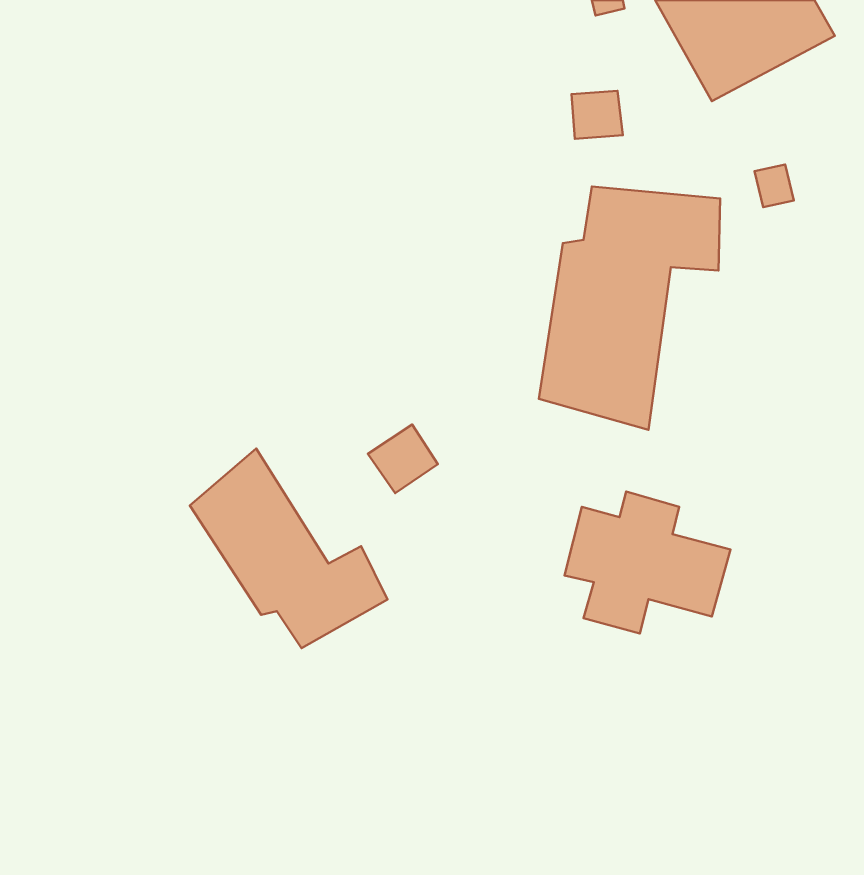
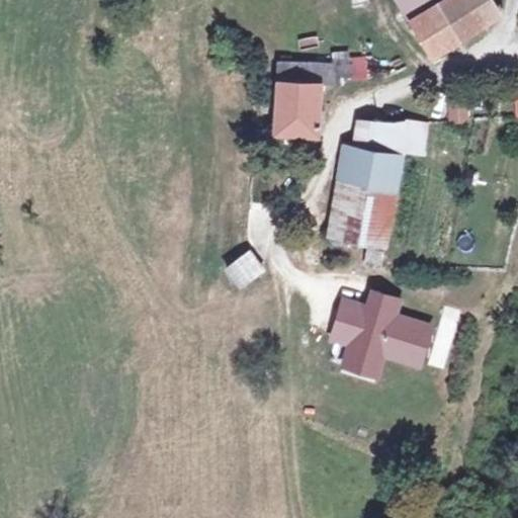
building: none -> [267,59,323,142]
building: [190,449,387,648] -> none

